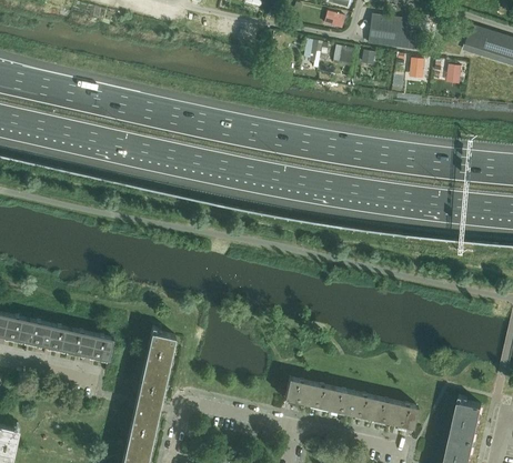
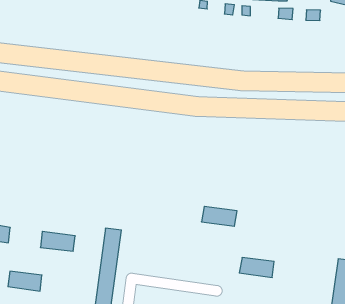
building: [22,319,69,349] -> [8,271,42,291]
building: [283,376,332,406] -> [201,206,237,226]
building: [370,395,416,425] -> none

